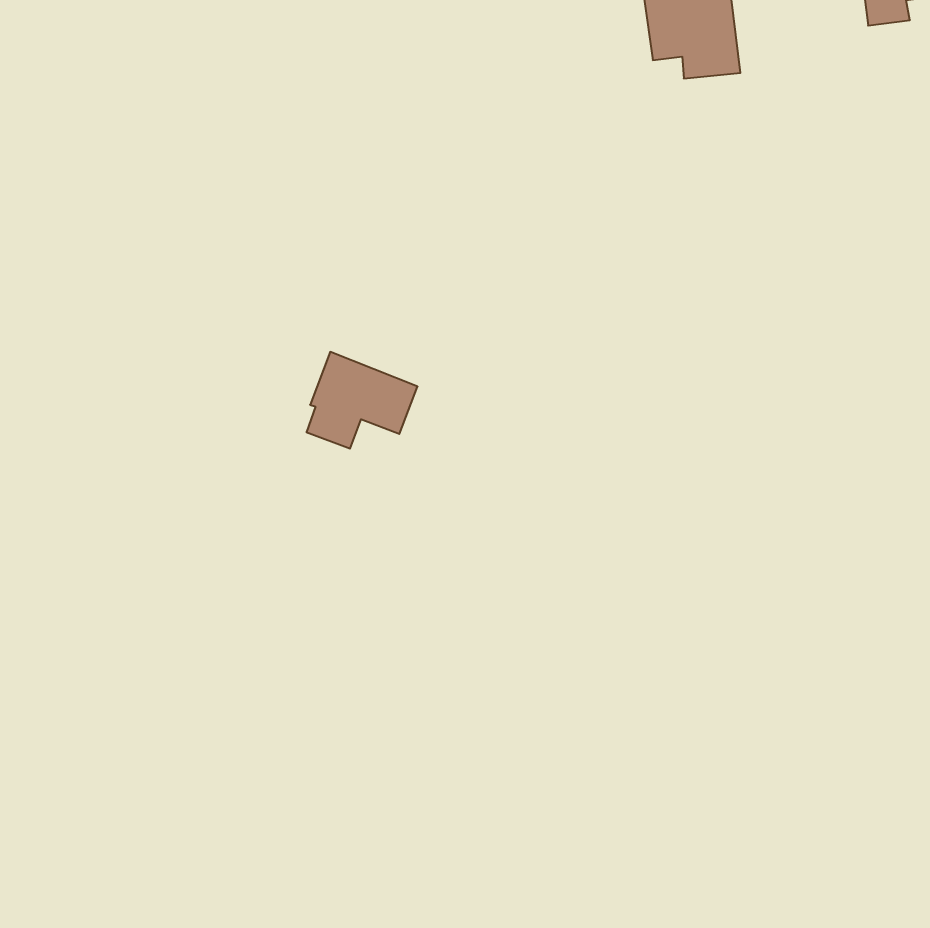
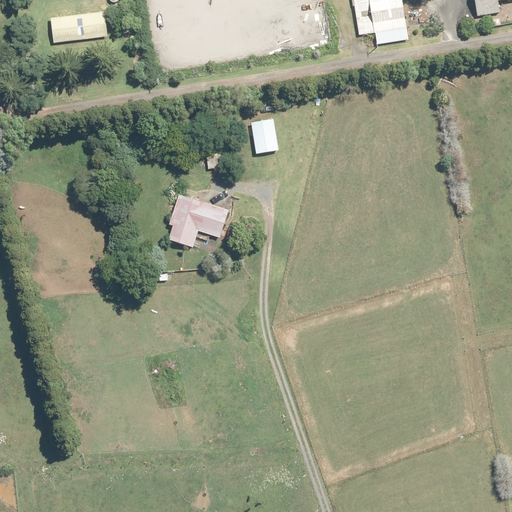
building: none -> [51,11,107,42]
building: none -> [251,118,279,153]

